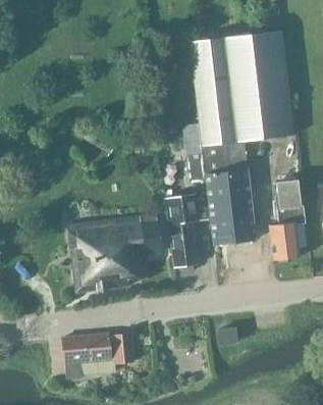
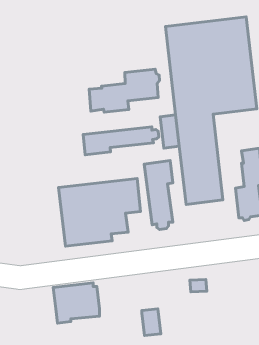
building: none -> [89,69,159,112]
building: none -> [83,127,159,155]
building: [112,333,133,363] -> [142,309,161,336]

